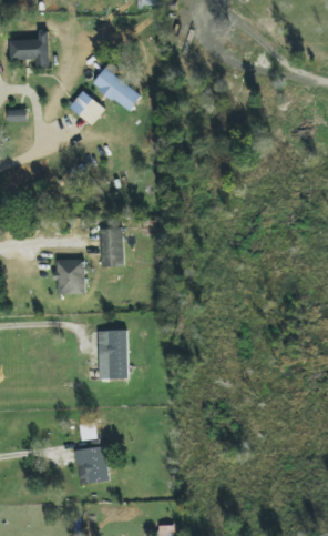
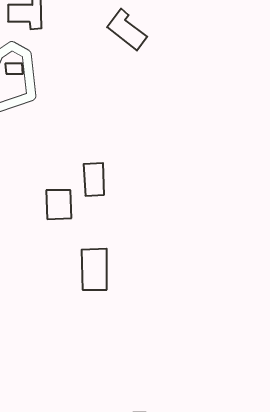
building: [93,61,141,111] -> [107,9,147,51]
building: [70,90,105,124] -> none
building: [75,446,109,484] -> none

